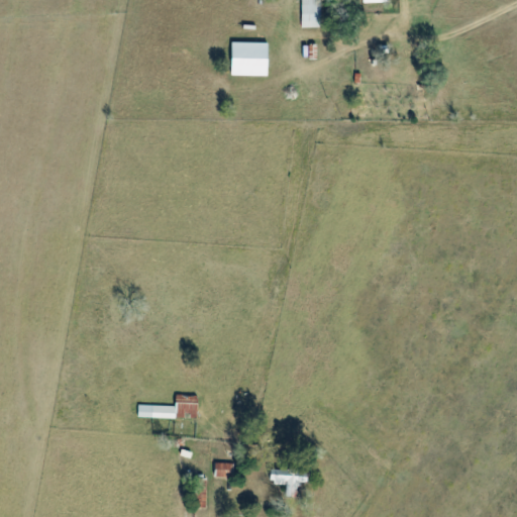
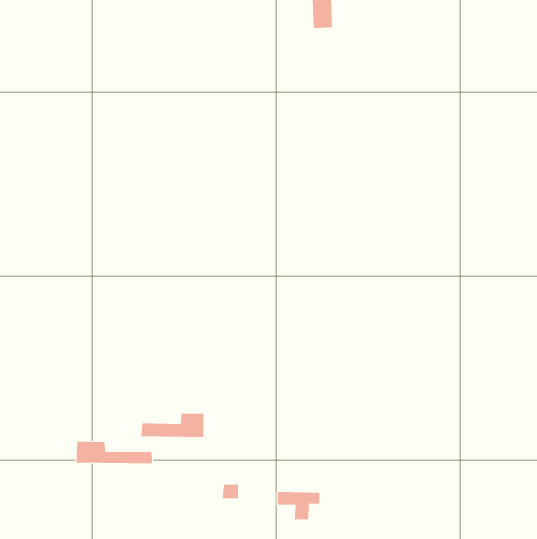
building: [229,41,268,75] -> none
building: none -> [76,441,153,464]

